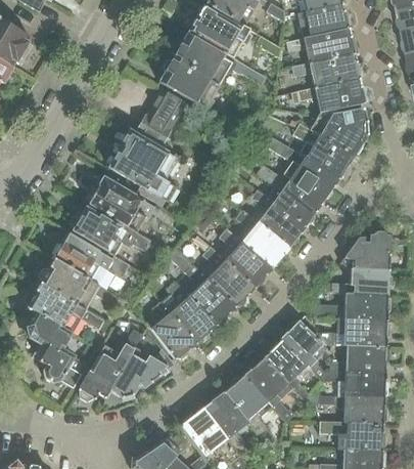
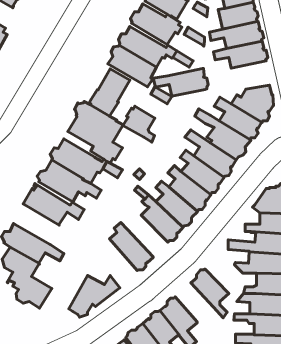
building: [295,78,365,113] -> [153,68,208,96]
building: none -> [123,106,155,142]
building: [168,247,235,325] -> none
building: [38,259,123,309] -> none
building: [145,301,196,359] -> none
building: [280,322,326,381] -> none
building: [78,329,141,401] -> none
building: [243,357,293,423] -> none

